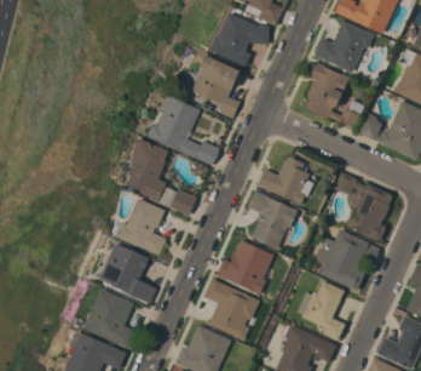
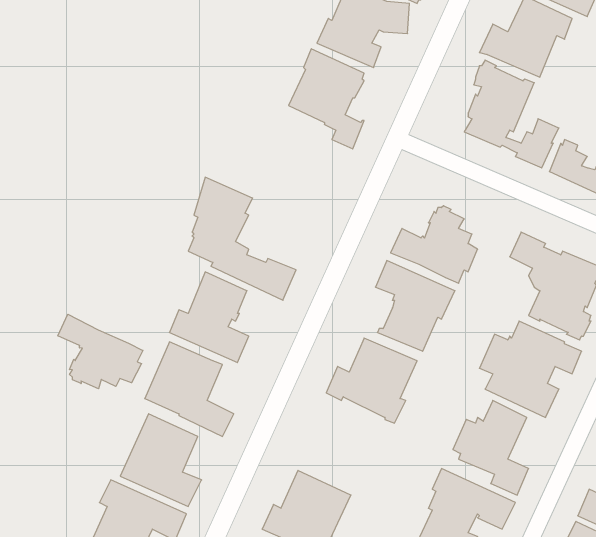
building: [148,96,218,165] -> none
building: none -> [58,314,143,389]
building: [204,279,259,341] -> none

